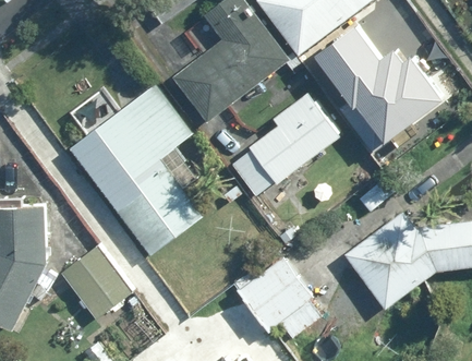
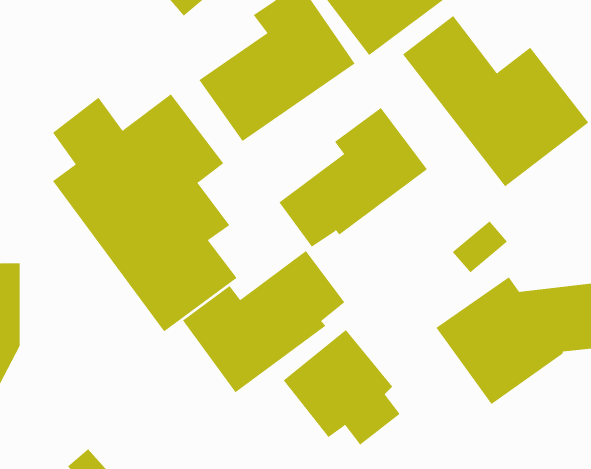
building: none -> [182,250,345,393]
building: [59,243,135,321] -> none

